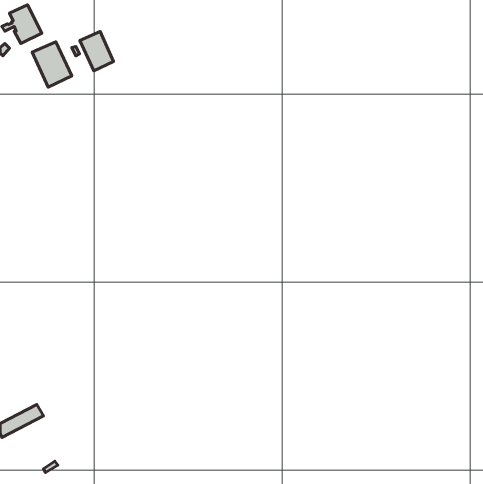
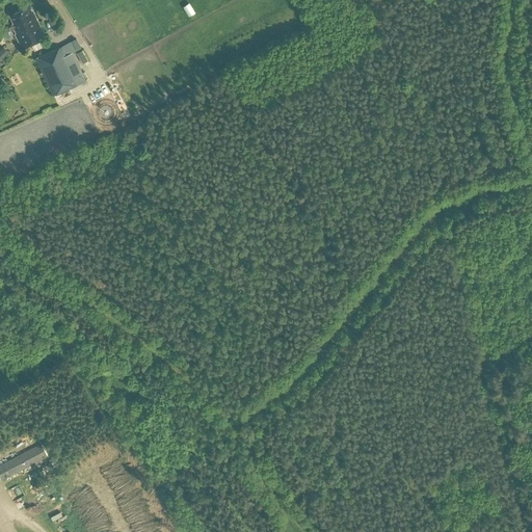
building: [80,31,113,71] -> none

